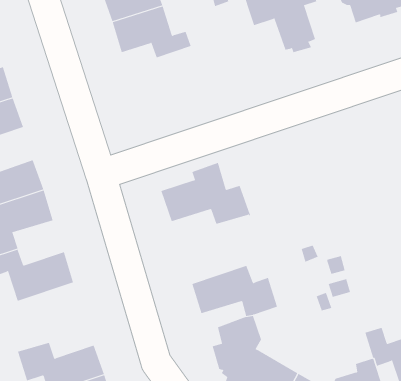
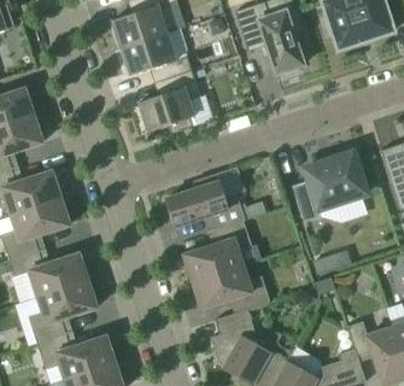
building: none -> [139,70,201,134]
building: none -> [293,146,368,222]
building: none -> [185,221,252,282]
building: none -> [29,281,96,343]

